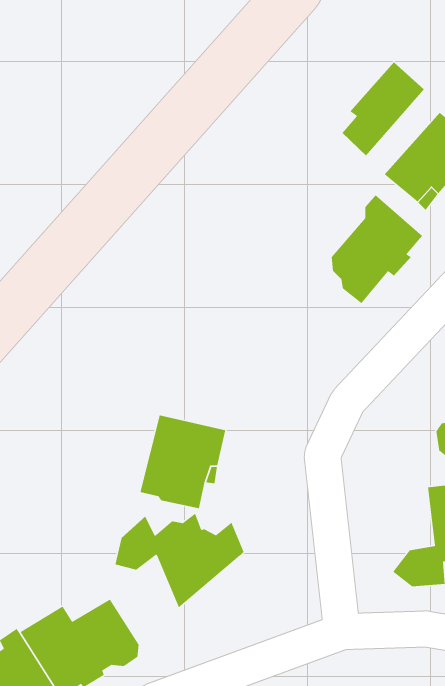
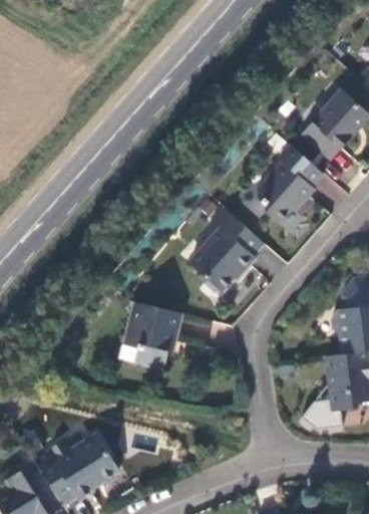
building: [341,61,425,156] -> none
building: none -> [193,207,266,293]
building: [114,512,244,609] -> none

